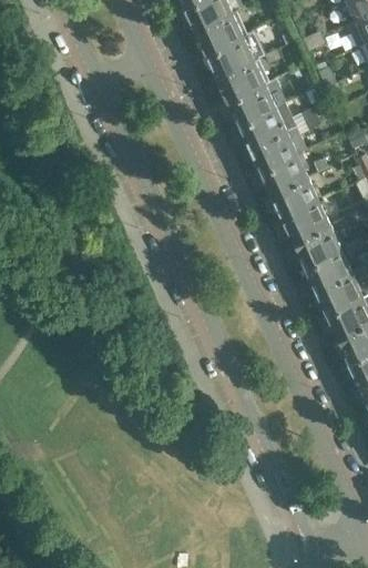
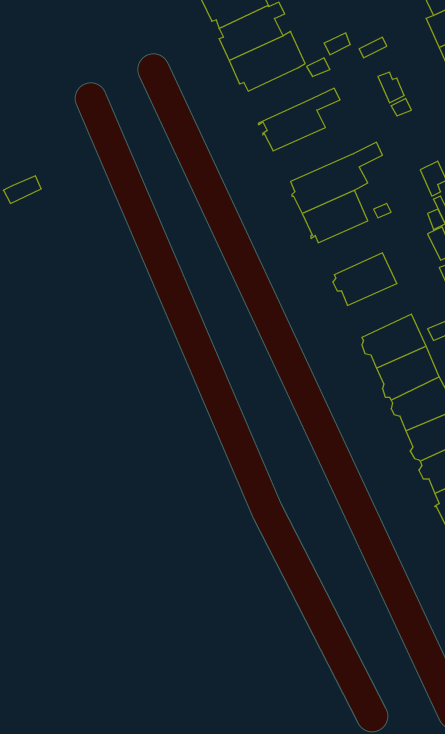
building: [216,59,265,101] -> none
building: [235,101,314,145] -> none
building: [269,175,318,216] -> none
building: [292,223,340,264] -> none

